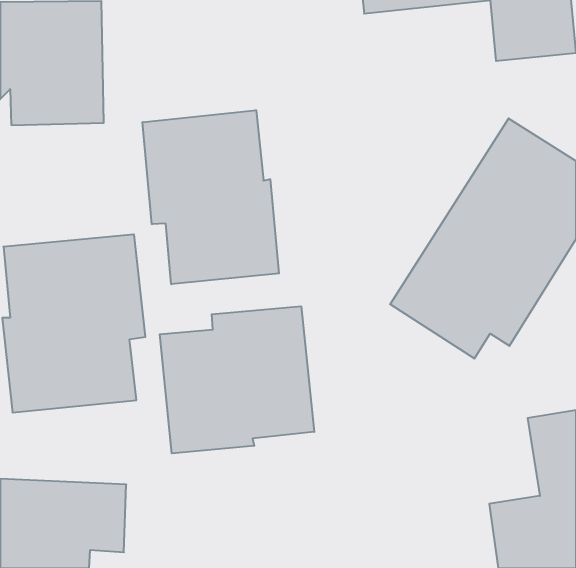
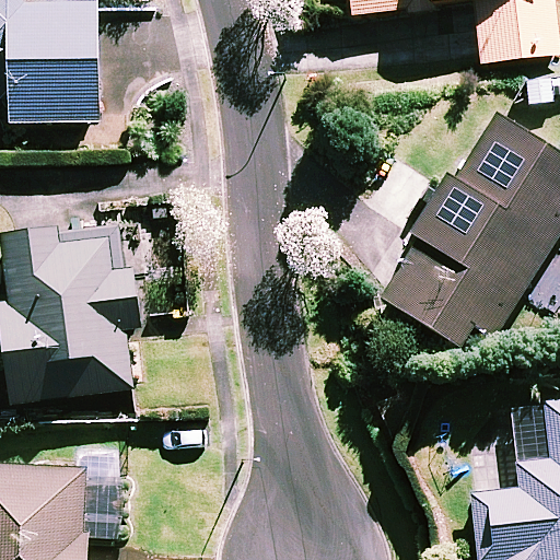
building: [143,110,279,284] -> none
building: [160,306,314,453] -> none

